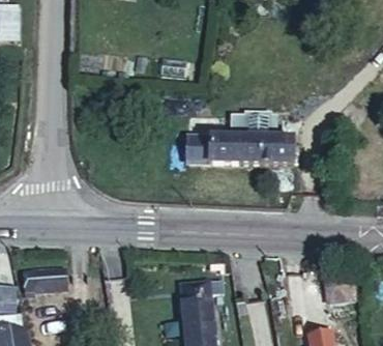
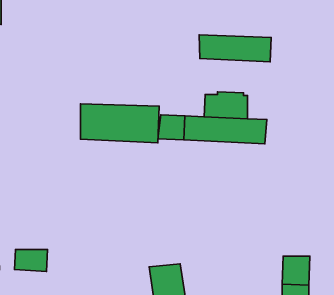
building: none -> [199,35,271,62]
building: none -> [80,104,159,143]

